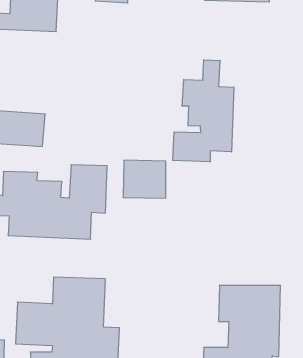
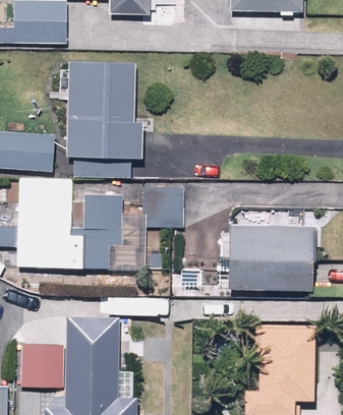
building: none -> [64,61,142,179]
building: [173,60,234,162] -> none
building: none -> [222,221,317,294]

